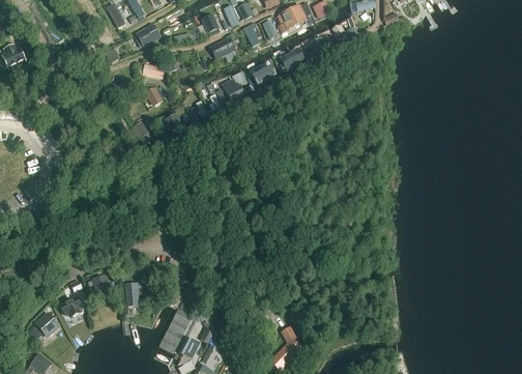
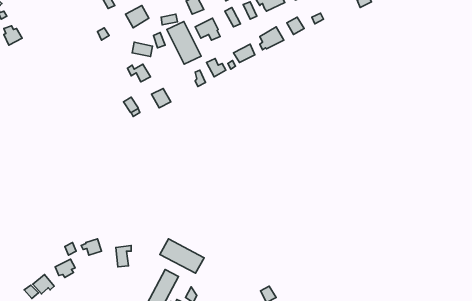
building: none -> [167,21,201,64]
building: none -> [160,239,204,273]

